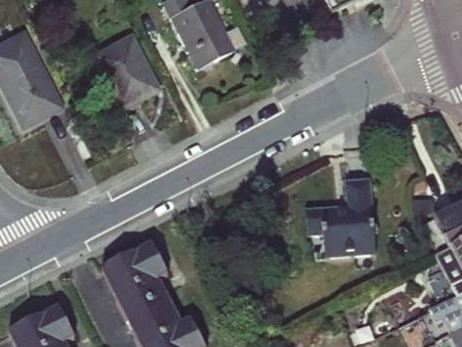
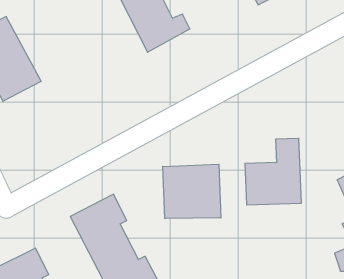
building: [86,29,161,110] -> none
building: none -> [163,164,221,219]

